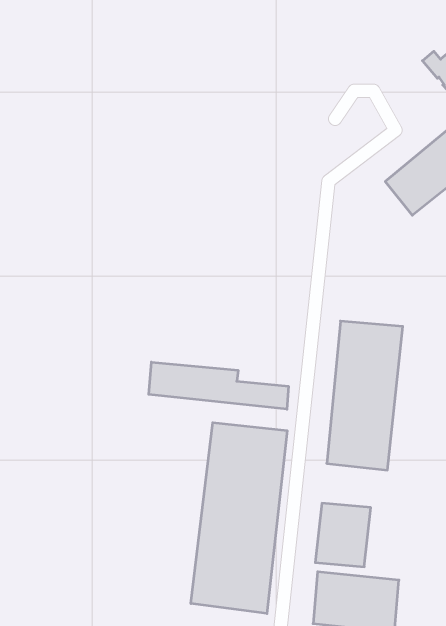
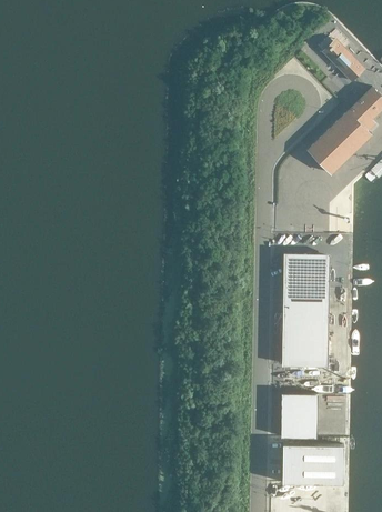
building: [149,362,288,409] -> none
building: [191,423,287,614] -> none

